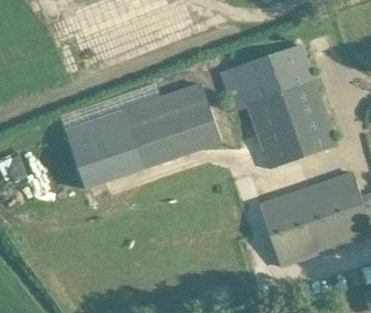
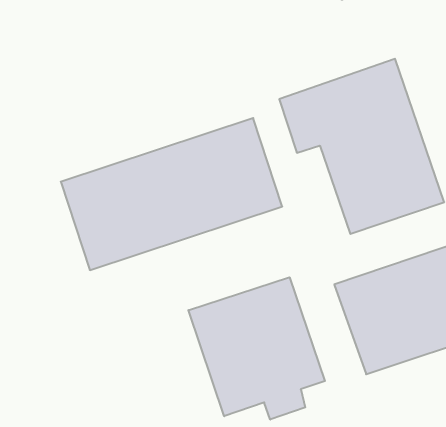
building: none -> [188,277,325,420]

